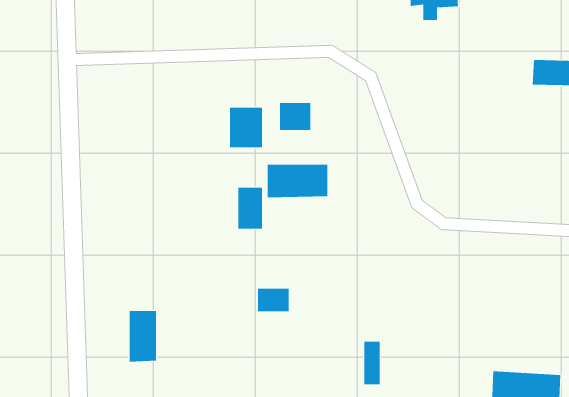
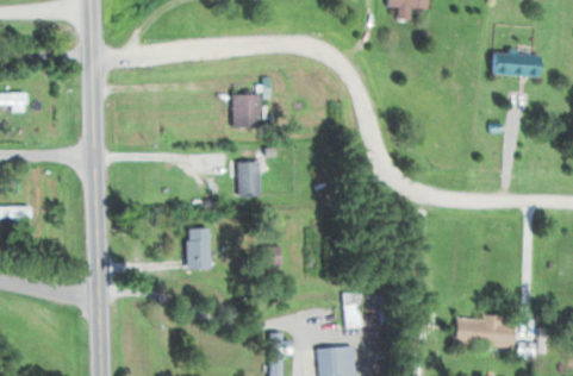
building: [280,102,311,131] -> none
building: [267,164,328,198] -> none
building: [129,310,157,362] -> [186,227,210,271]

